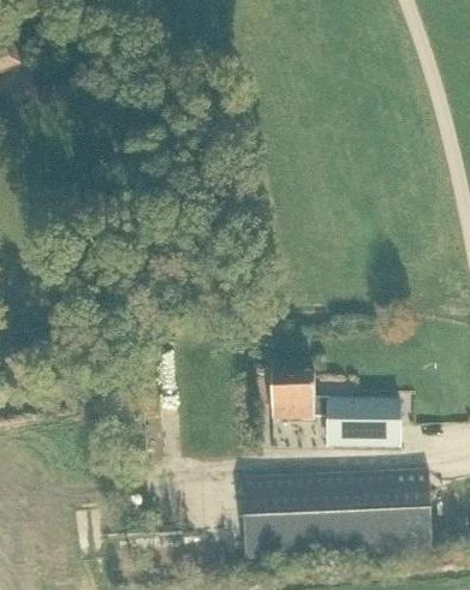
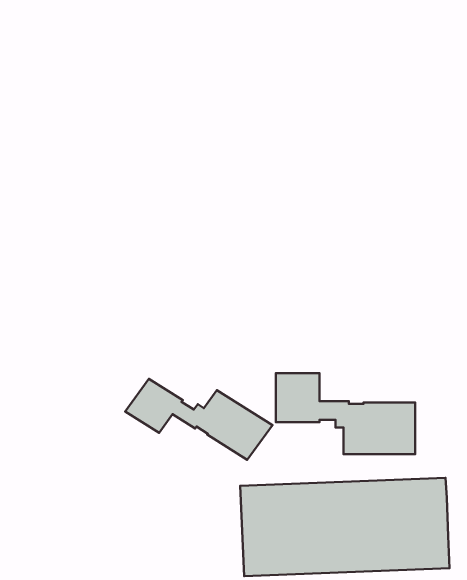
building: none -> [125,379,272,460]

